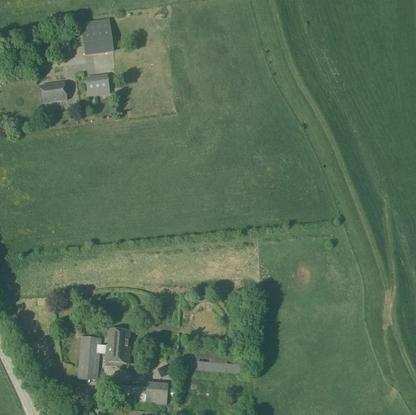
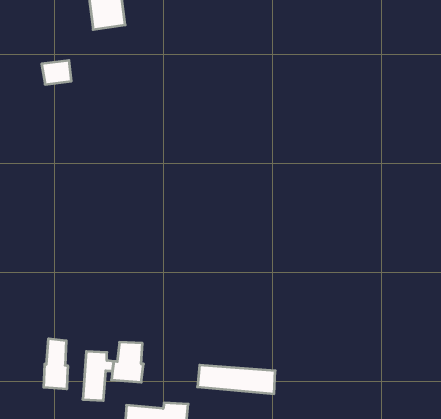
building: [87,76,111,95] -> none
building: none -> [44,339,68,389]

